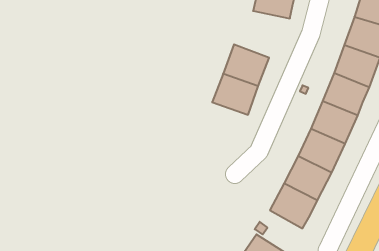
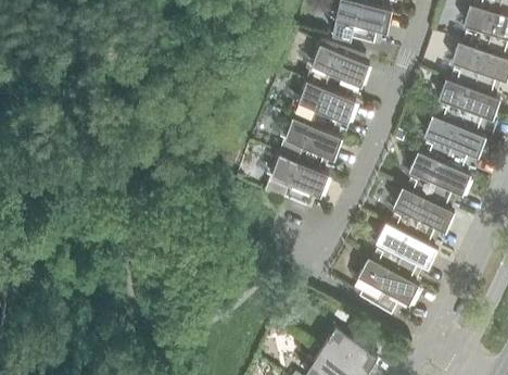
building: none -> [308,40,367,95]
building: none -> [267,152,327,205]

